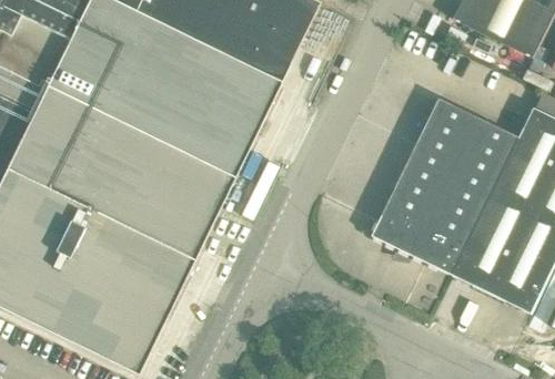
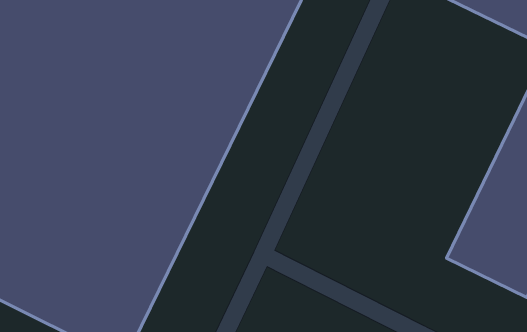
building: [373,99,519,274] -> none

